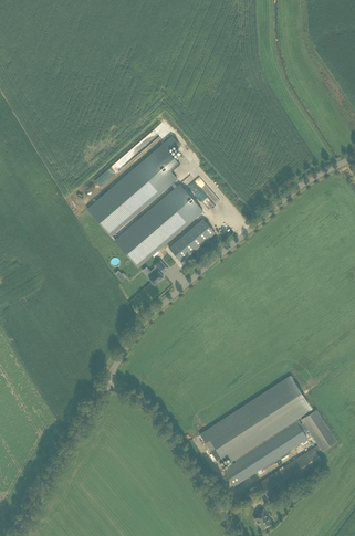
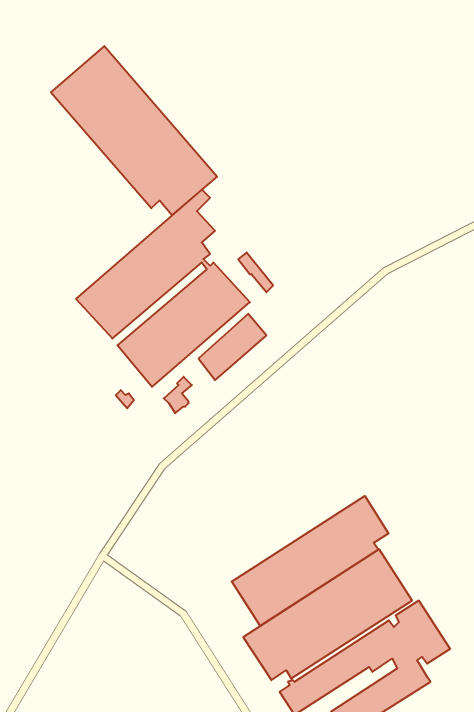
building: none -> [51,46,217,215]
building: none -> [232,496,389,626]

